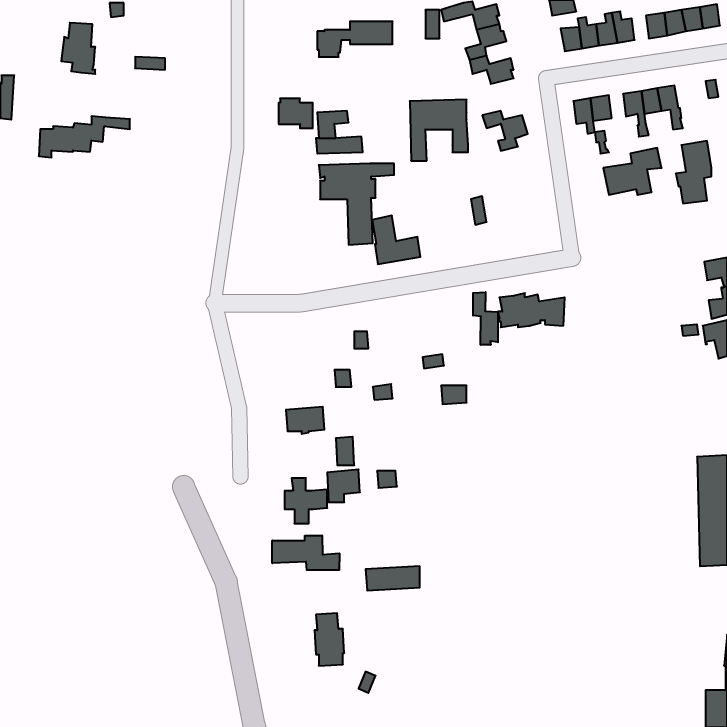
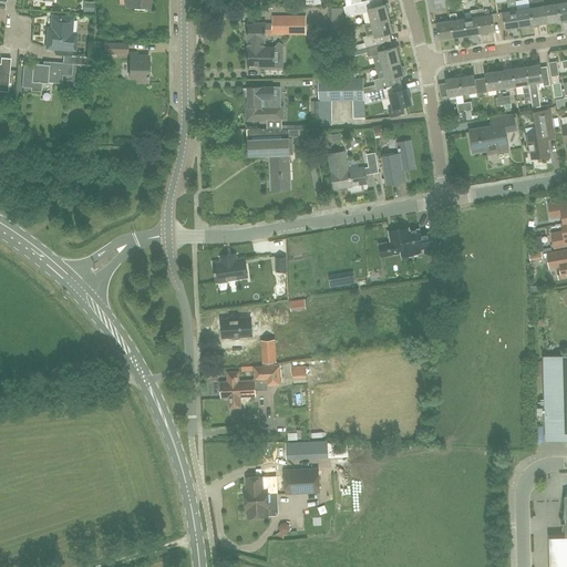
building: none -> [130,54,150,79]
building: none -> [363,61,405,93]
building: none -> [525,64,549,100]
building: [279,98,313,128] -> [247,44,274,68]
building: [39,116,130,157] -> [22,56,93,89]
building: none -> [382,142,414,185]
building: [372,216,420,264] -> [329,152,367,189]
building: [473,292,498,345] -> none
building: none -> [213,257,246,282]
building: [272,535,339,570] -> none
building: none -> [285,468,319,494]

